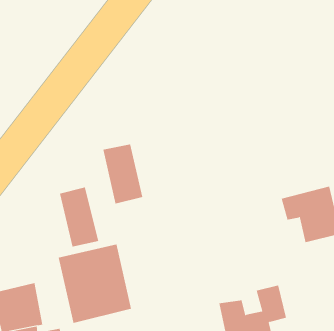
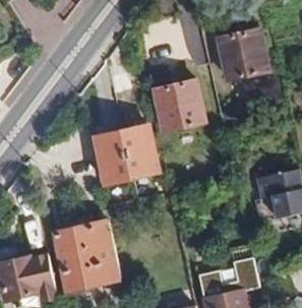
building: none -> [220,28,270,80]
building: none -> [155,79,207,130]
building: [59,187,99,247] -> [120,125,156,179]

